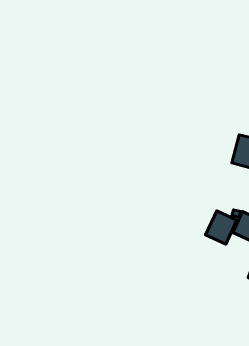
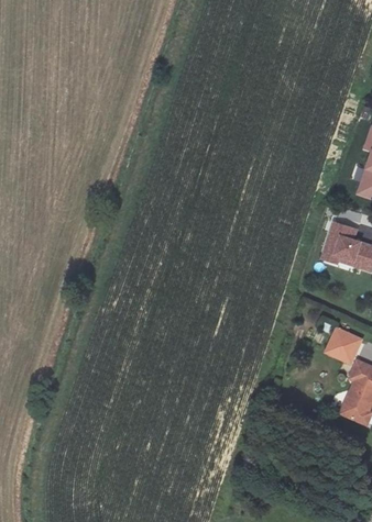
building: [206,211,237,244] -> none

